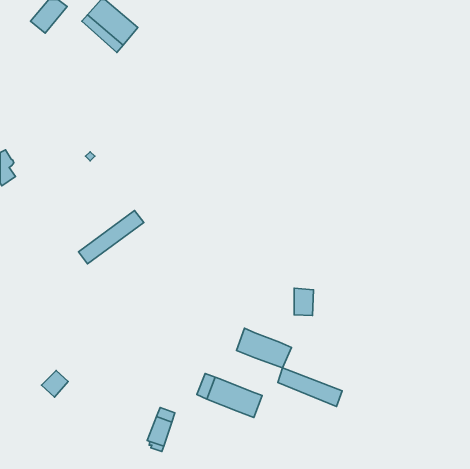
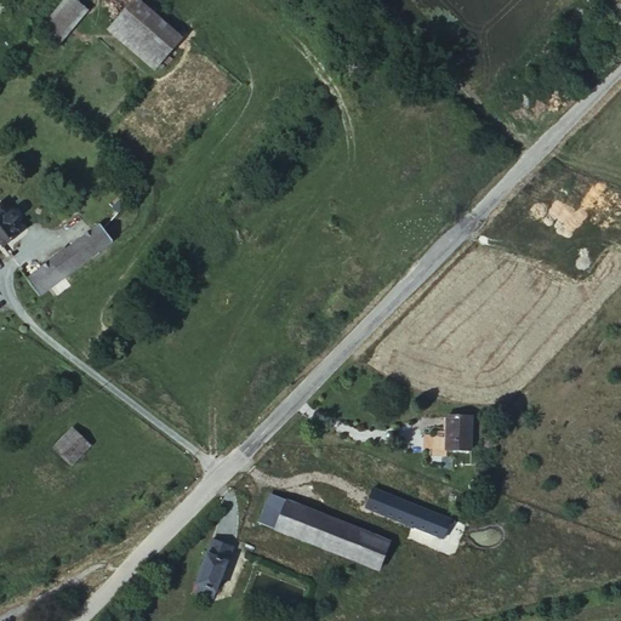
building: [78,211,144,264] -> [27,223,113,294]
building: [294,288,313,316] -> [448,414,473,450]
building: [236,328,292,368] -> [335,522,408,574]
building: [42,370,68,397] -> [53,427,89,462]

